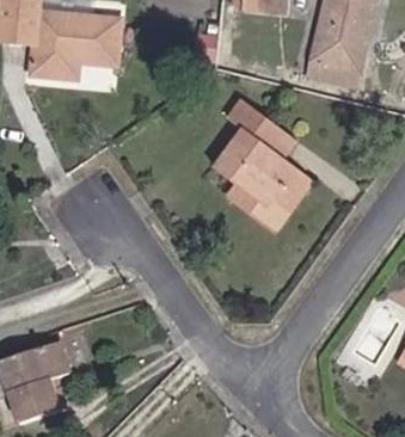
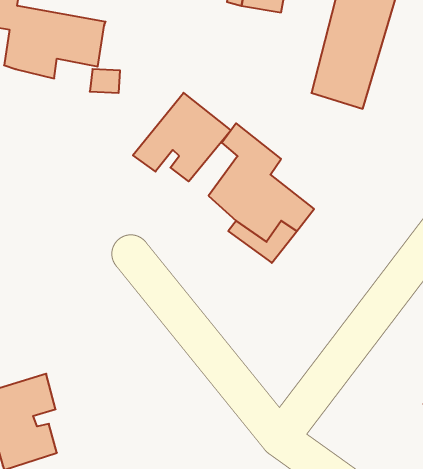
building: none -> [133,93,231,181]

